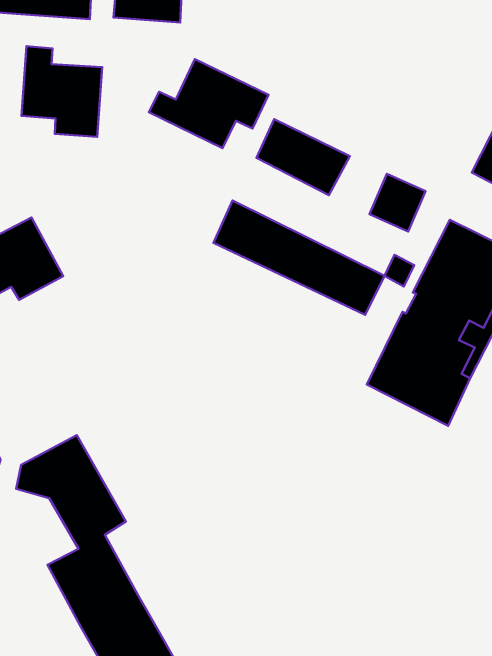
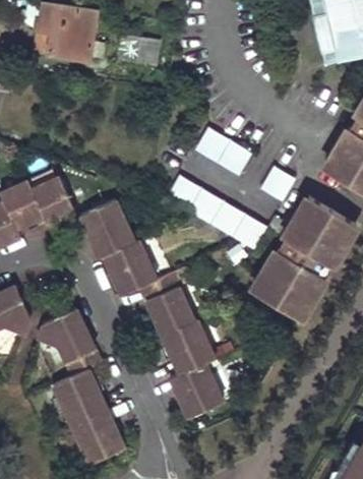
building: [21,46,102,137] -> none
building: [149,59,269,148] -> none
building: none -> [79,198,223,418]

